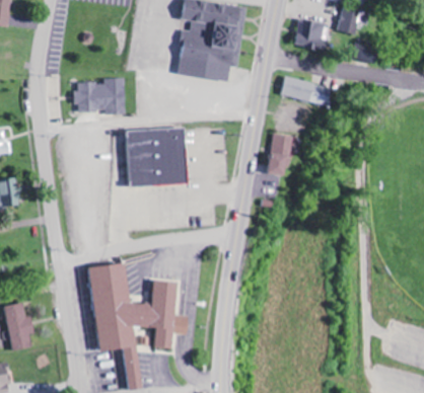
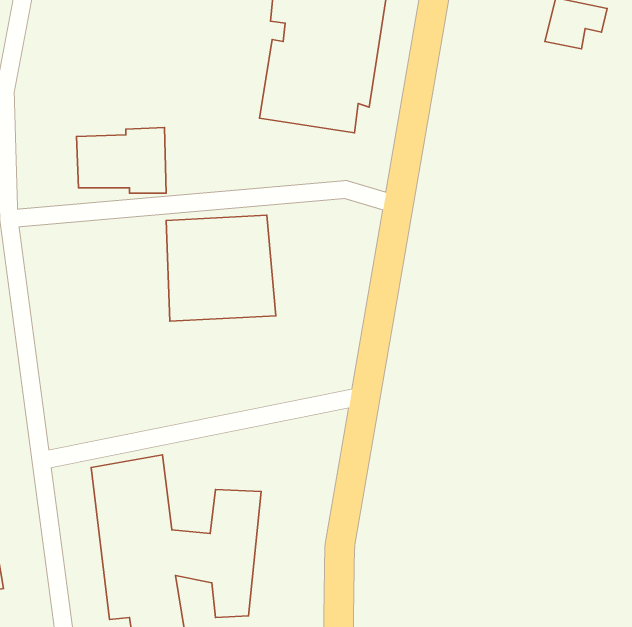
building: [295,20,331,50] -> none
building: [282,77,334,105] -> none
building: [269,134,293,175] -> none

